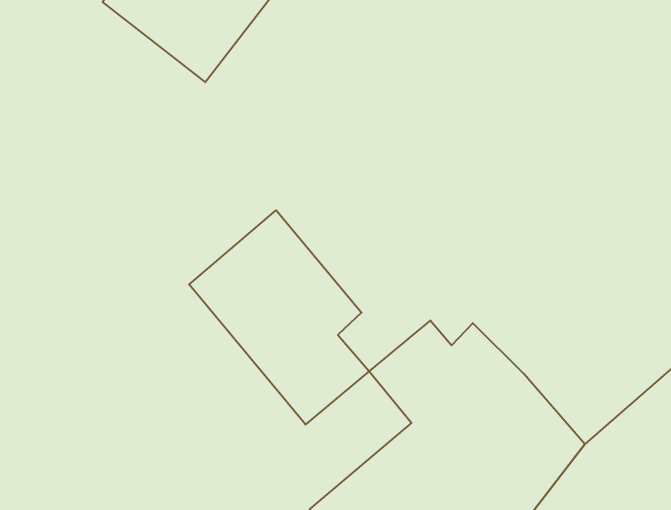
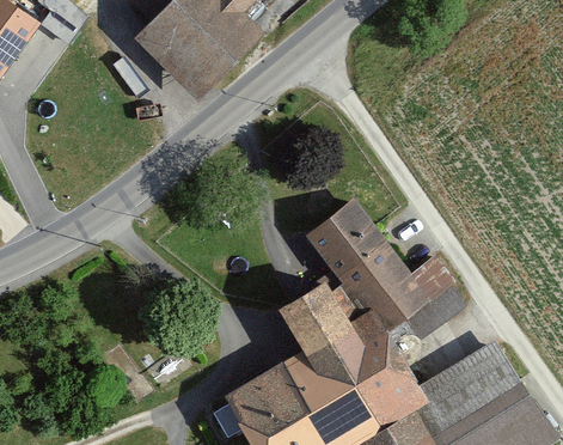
building: none -> [314,200,464,330]
building: [189,210,369,425] -> none

